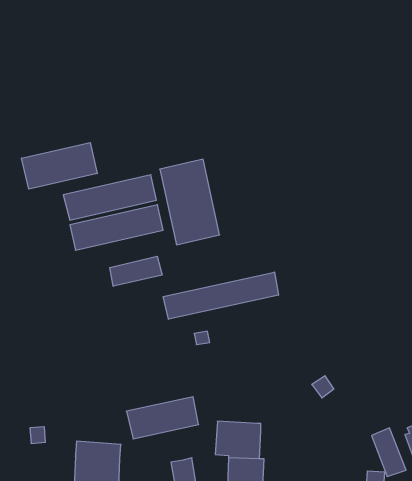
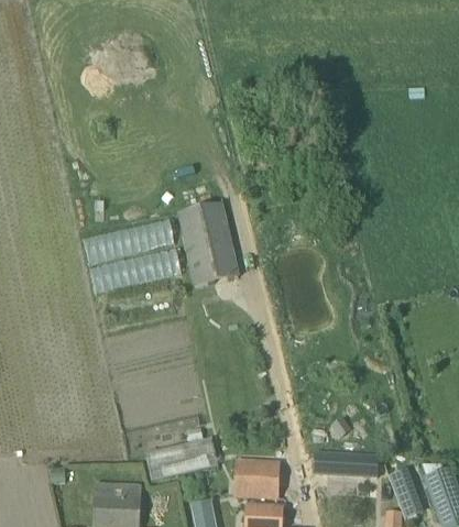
building: [22,143,97,189] -> none
building: [110,256,162,286] -> none
building: [163,272,278,319] -> none
building: none -> [313,454,378,476]

